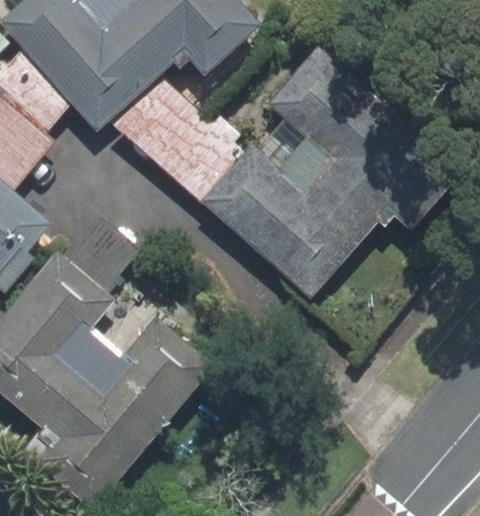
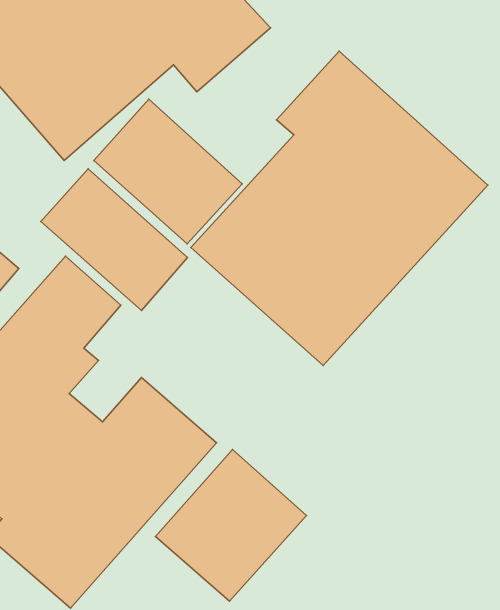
building: none -> [41,169,188,310]
building: none -> [156,450,307,601]

